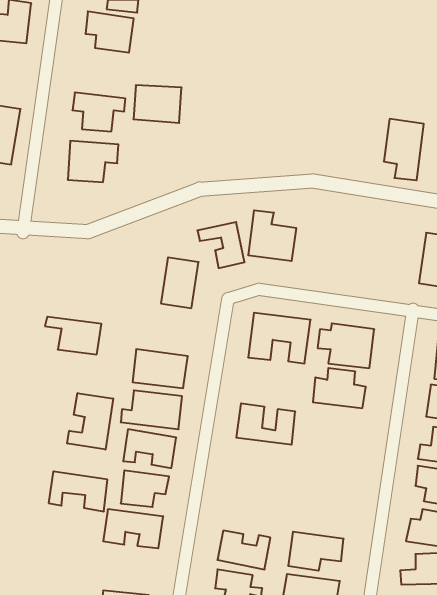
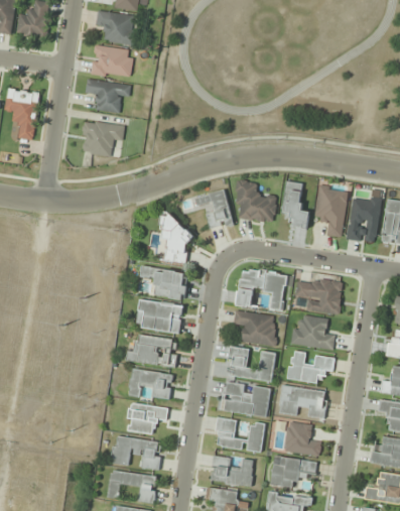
building: [133,85,182,123] -> [92,46,133,79]
building: [384,119,424,180] -> [313,185,348,238]
building: none -> [282,181,308,228]
building: none -> [347,197,381,244]
building: [45,317,101,354] -> [140,267,188,299]
building: none -> [234,311,278,347]
building: [67,393,113,450] -> none
building: none -> [287,351,334,383]
building: none -> [220,381,270,417]
building: none -> [280,387,327,419]
building: [49,471,107,511] -> [107,470,157,504]
building: none -> [213,417,265,453]
building: none -> [284,422,320,457]

